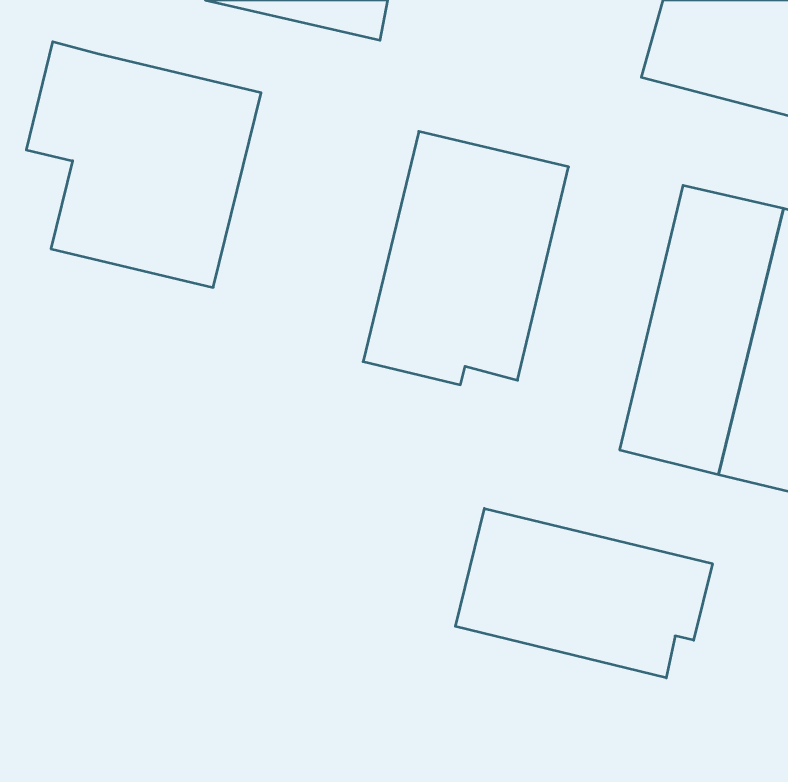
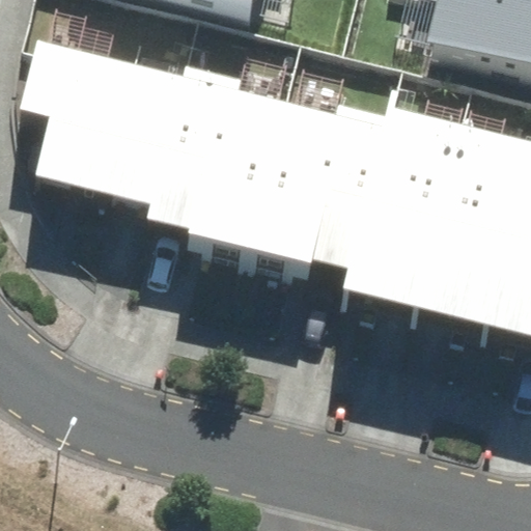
building: none -> [141,67,282,248]
building: none -> [341,111,459,307]
building: [455,508,712,678] -> none

